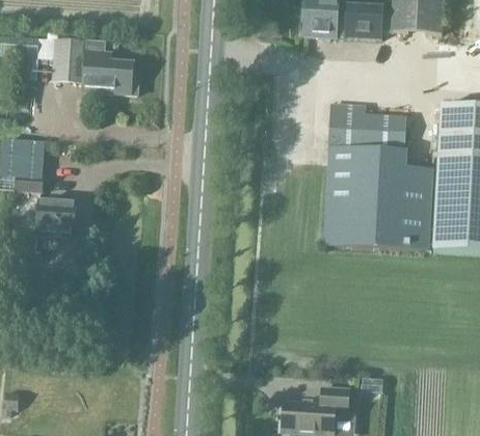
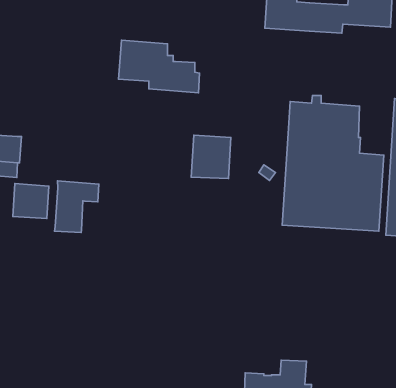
building: [53,37,139,93] -> [119,40,200,93]
building: none -> [191,135,231,178]
building: none -> [55,181,99,233]

